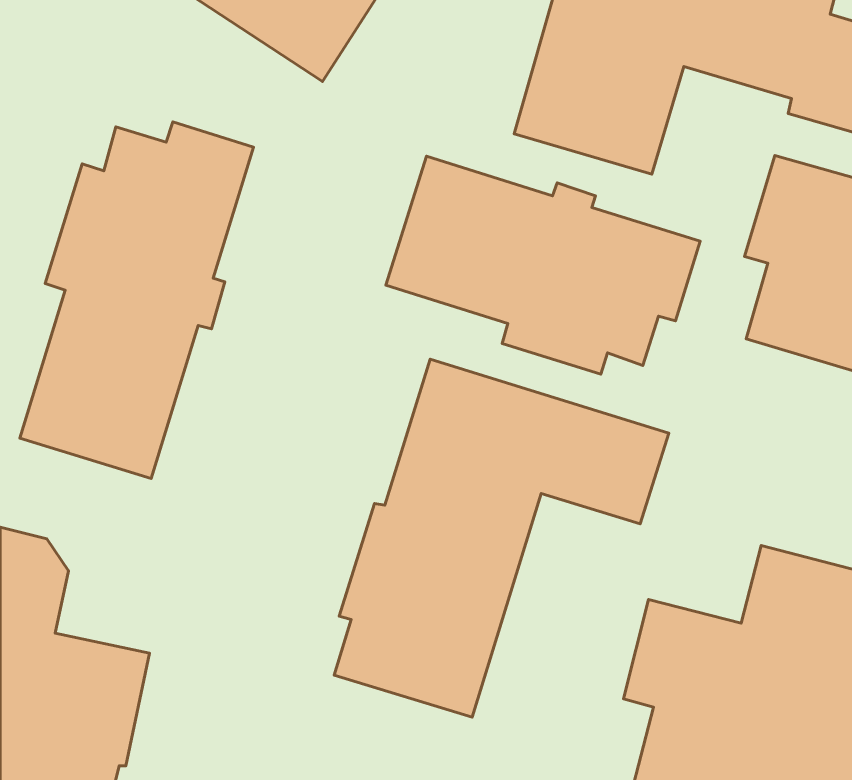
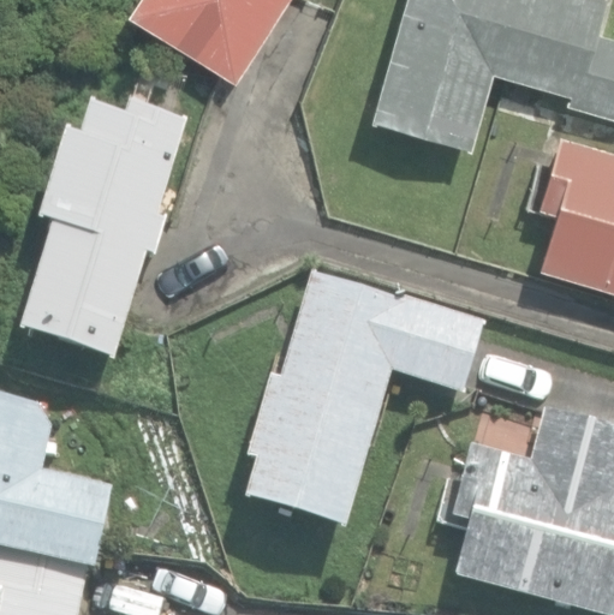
building: [386,156,700,374] -> none

